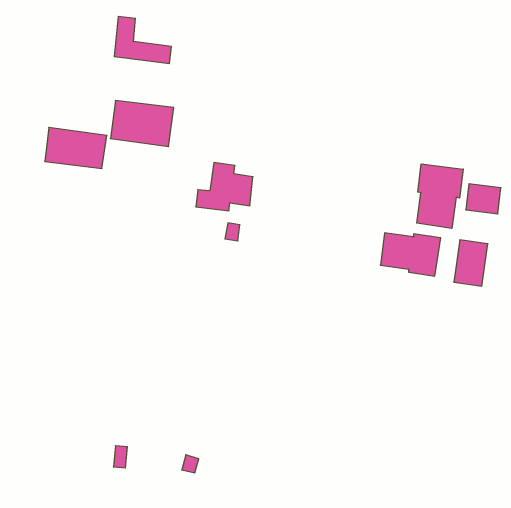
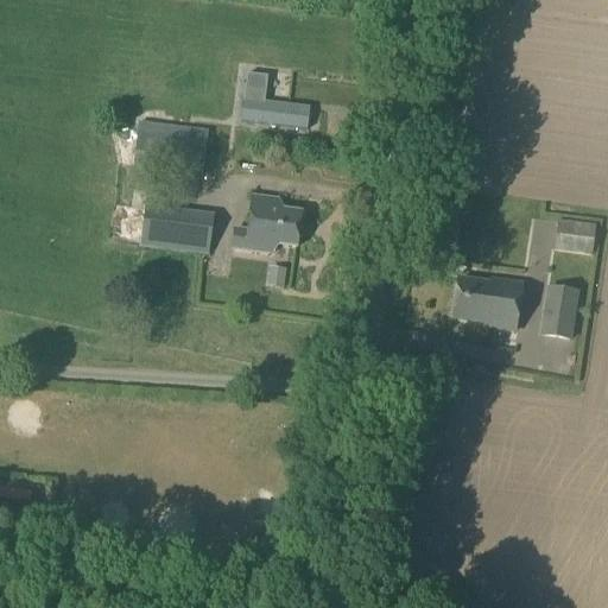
building: [114,16,171,64] -> [241,74,309,129]
building: [45,127,107,169] -> [140,202,214,251]
building: [417,164,463,228] -> none

